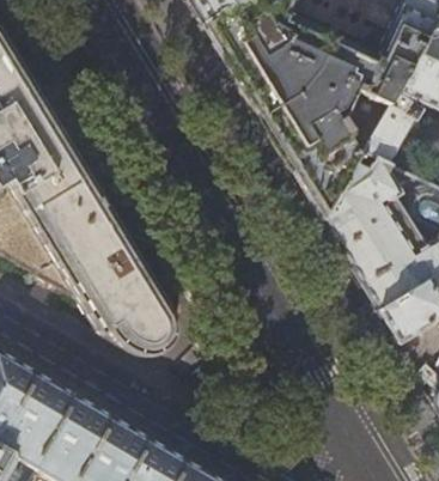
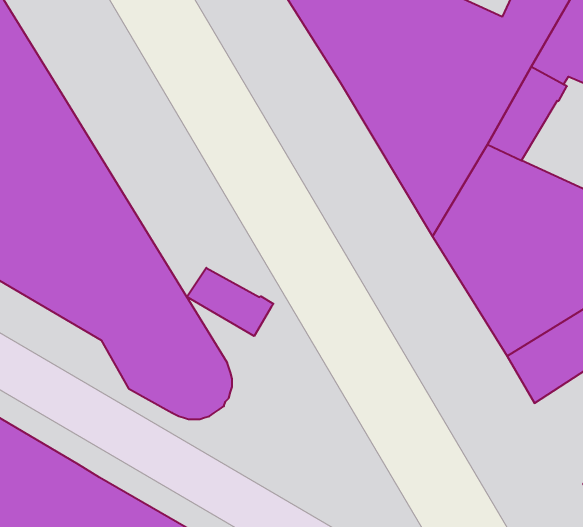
building: none -> [187,268,273,336]

